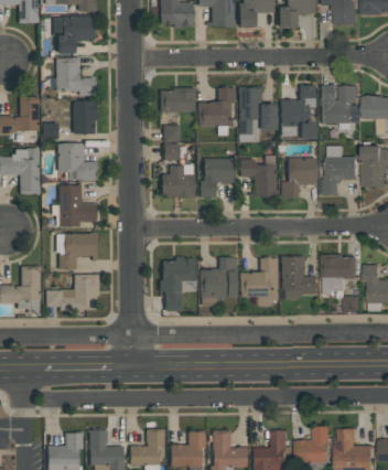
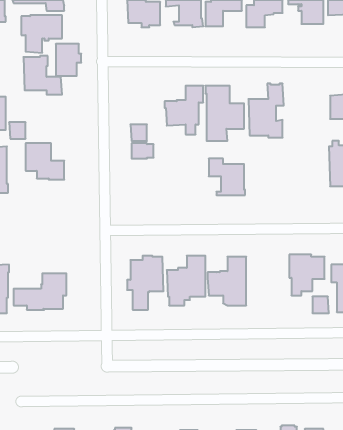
building: [320,84,358,129] -> none
building: [160,87,195,111] -> none
building: [74,100,99,132] -> [56,44,81,76]
building: [321,146,357,194] -> none
building: [281,157,316,196] -> none
building: [201,158,235,196] -> none
building: [162,163,195,197] -> none
building: [58,184,97,226] -> none
building: [60,232,97,270] -> none
building: [281,255,319,298] -> none

